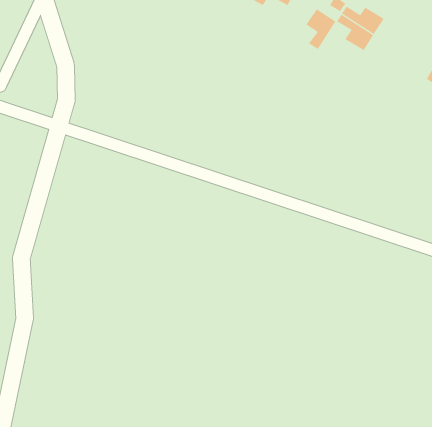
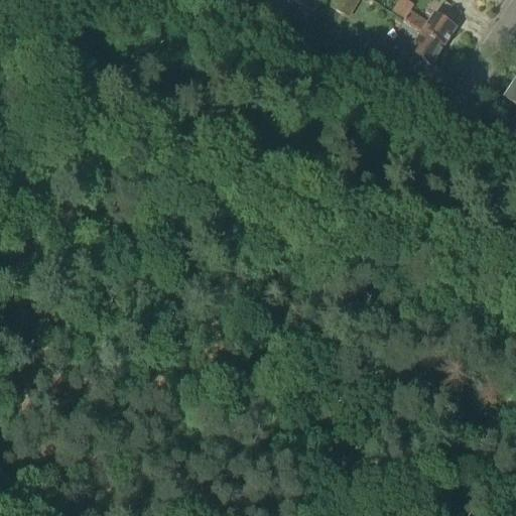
building: [305,9,336,50] -> none

